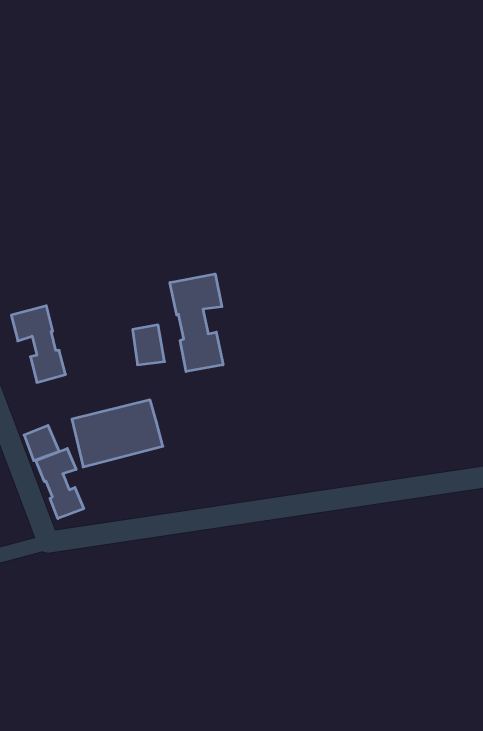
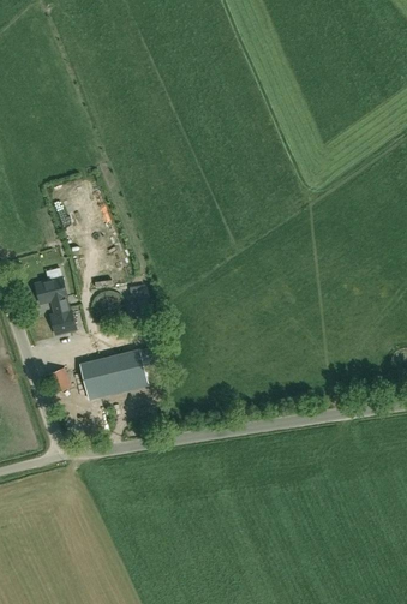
building: [170,274,223,372] -> none
building: [36,448,84,519] -> none

